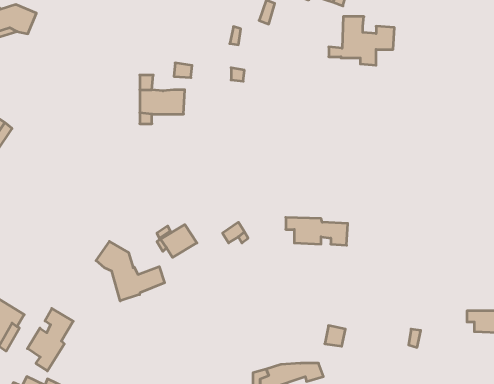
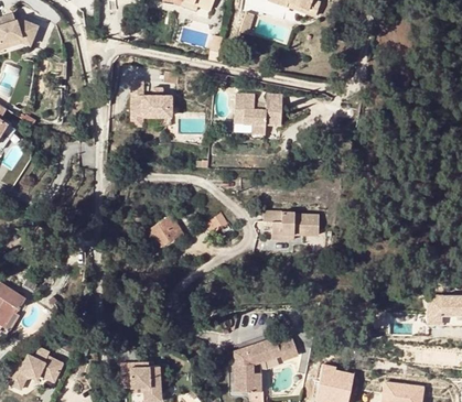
building: [329,17,394,65] -> [223,94,282,138]
building: [96,241,165,301] -> none
building: [27,308,73,371] -> none

